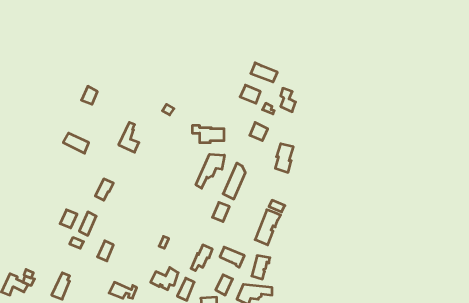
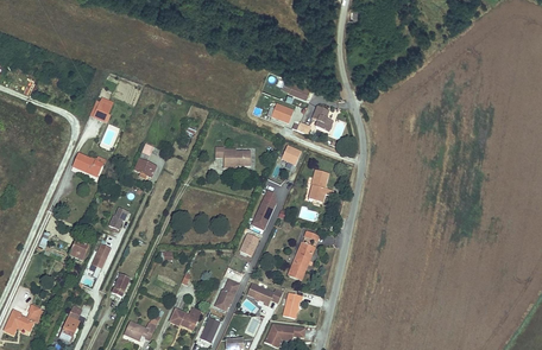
building: [196,154,224,188] -> none

